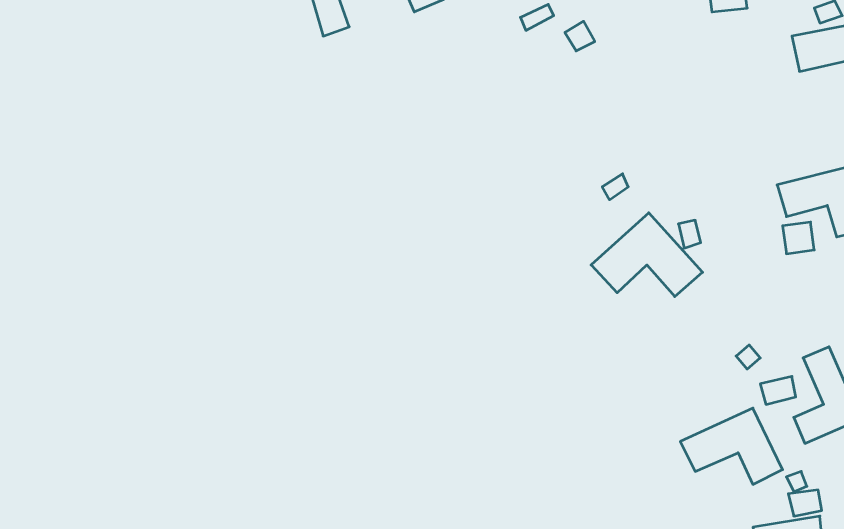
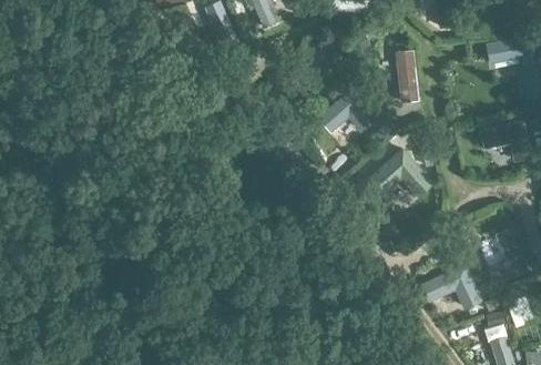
building: none -> [395,51,418,104]
building: none -> [317,91,376,134]

